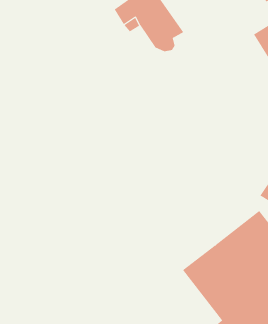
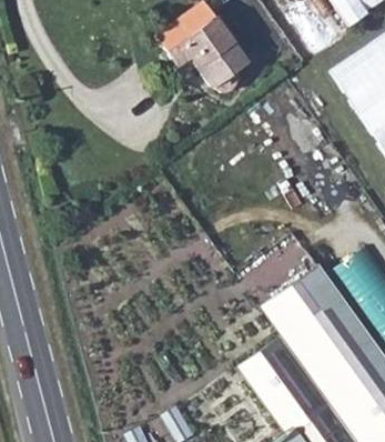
building: none -> [261,261,340,334]

